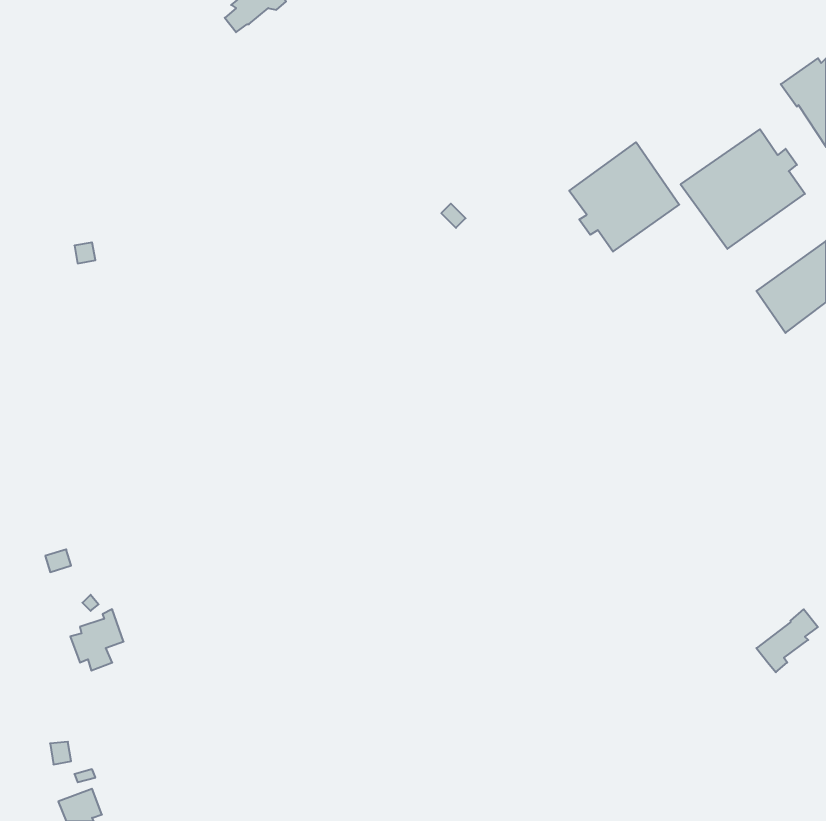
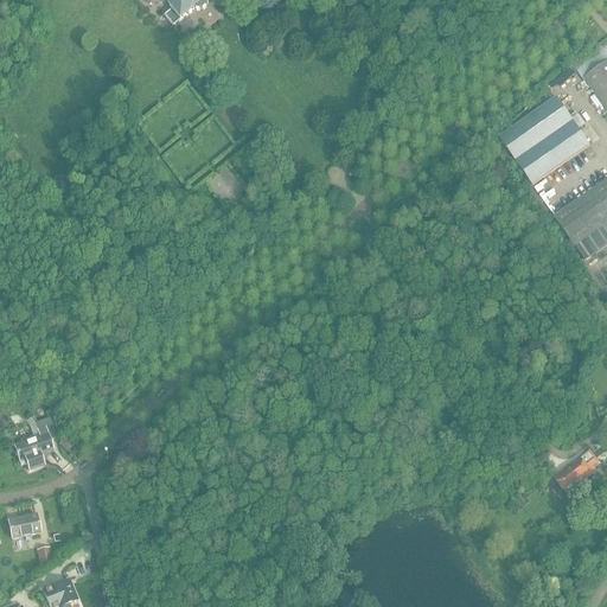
building: [569,142,679,252] -> none
building: [70,609,124,671] -> [13,423,52,468]
building: none -> [8,511,40,537]

